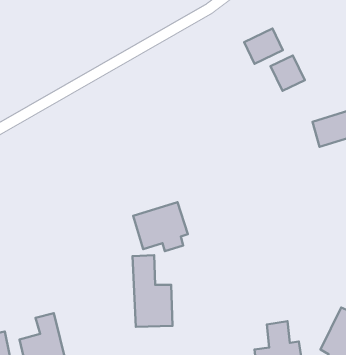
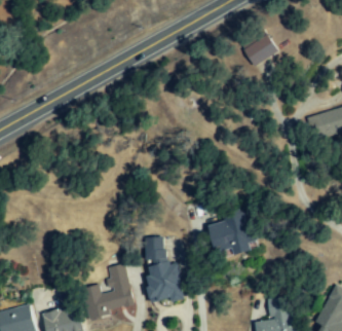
building: [271,56,305,91] -> none
building: [133,202,188,251] -> [206,211,256,255]
building: none -> [83,263,135,320]

